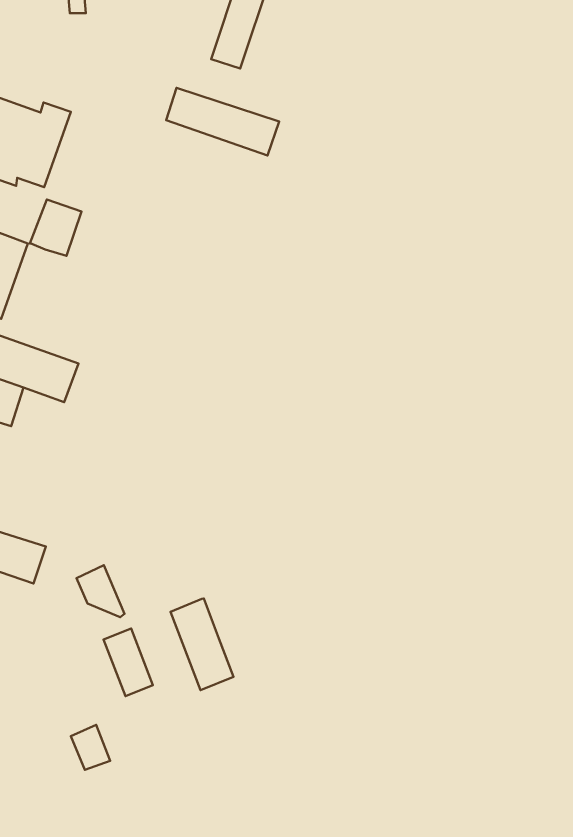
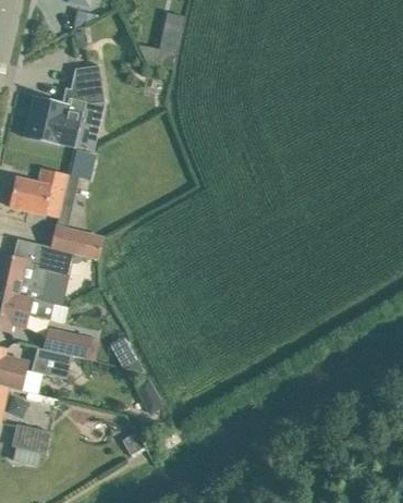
building: none -> [68,64,103,102]
building: [166,88,279,155] -> none
building: [171,599,234,690] -> none

